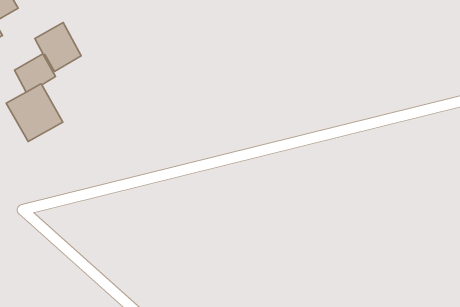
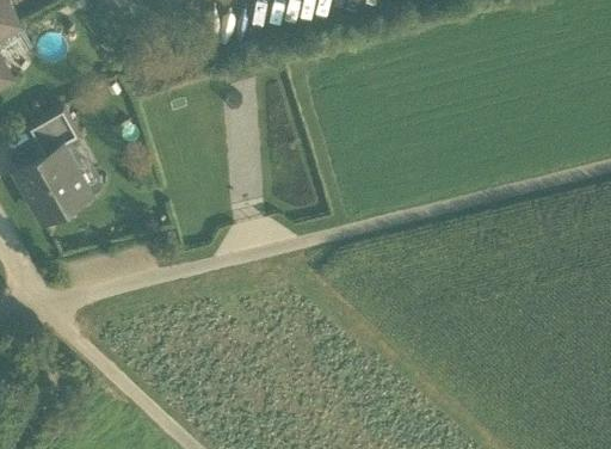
building: [35,23,81,71] -> none

